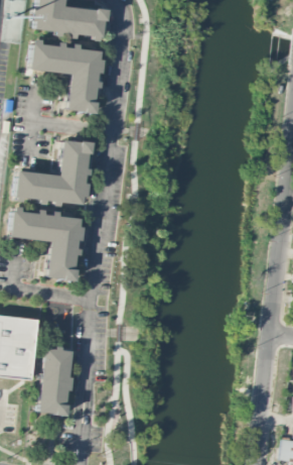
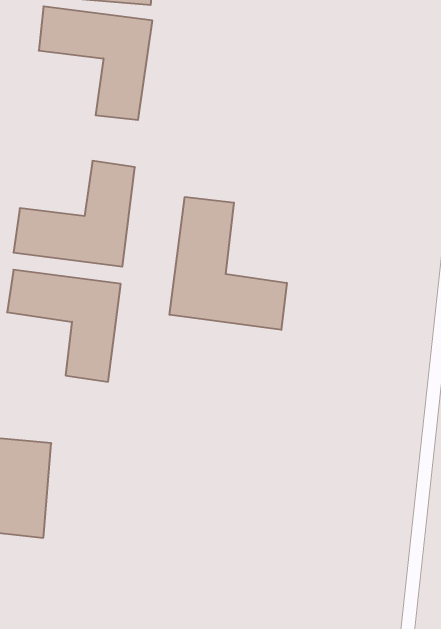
building: none -> [170,197,287,330]
building: [39,347,74,416] -> none

